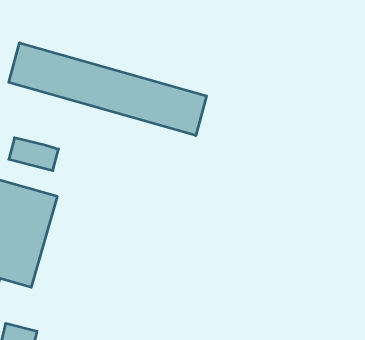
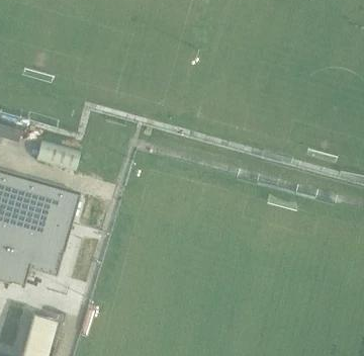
building: [9,43,207,136] -> none

